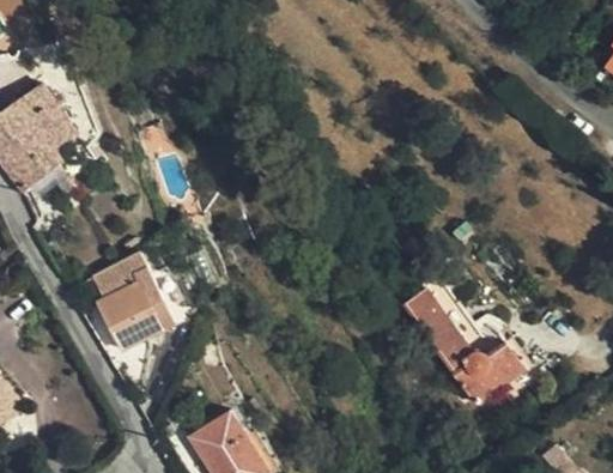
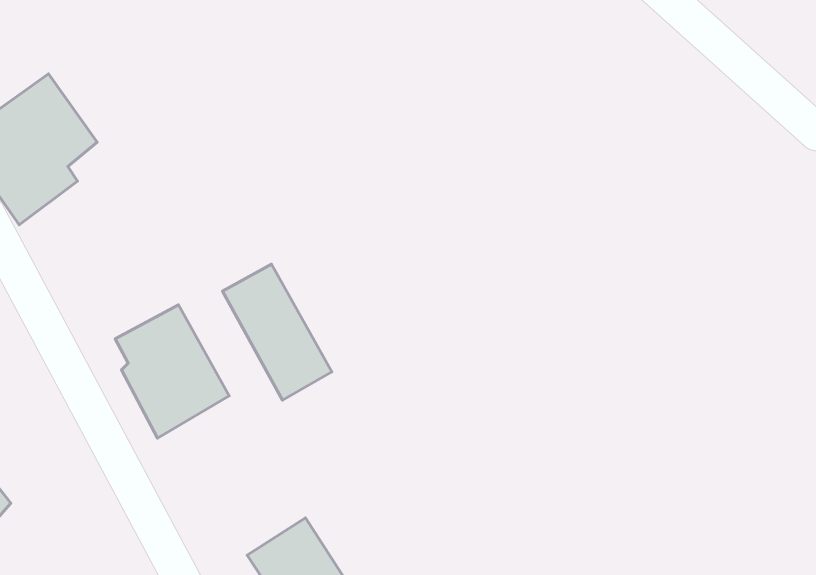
building: none -> [222,264,332,400]
building: [402,279,522,402] -> none

